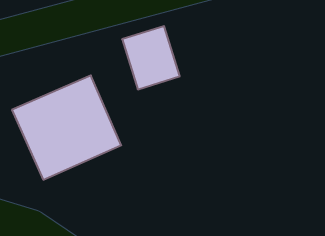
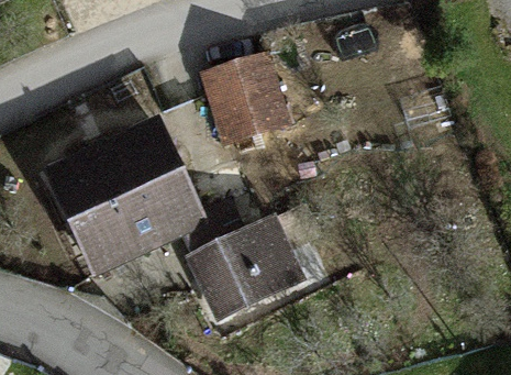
building: none -> [191,222,299,315]

